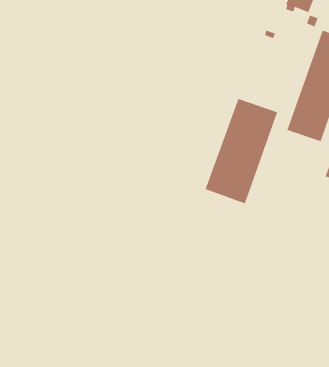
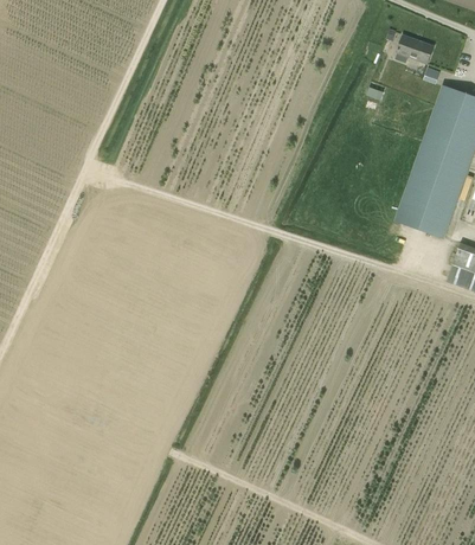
building: [205,98,278,204] -> none

